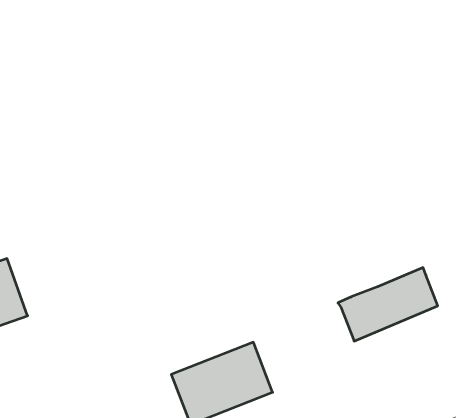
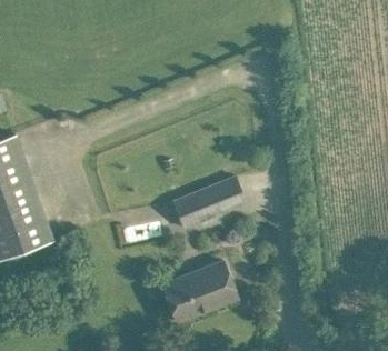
building: [338,268,438,341] -> [170,174,246,230]

